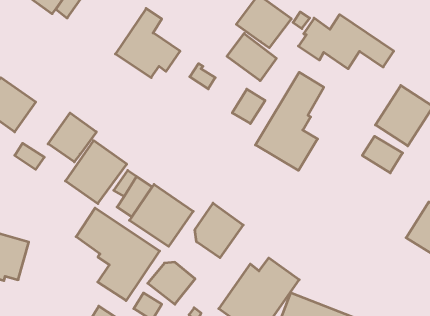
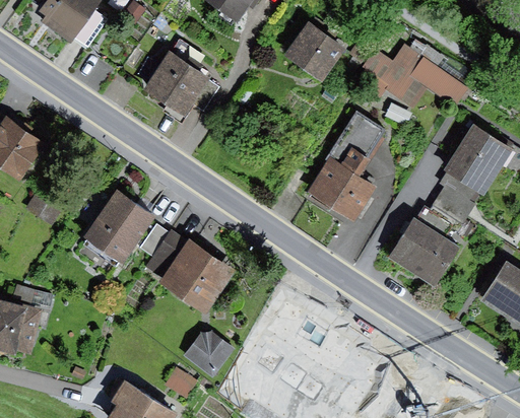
building: [227,33,276,81] -> none
building: [232,89,265,124] -> none
building: [48,113,96,162] -> none
building: none -> [392,220,462,286]
building: [195,203,243,258] -> none
building: [76,208,160,301] -> none

